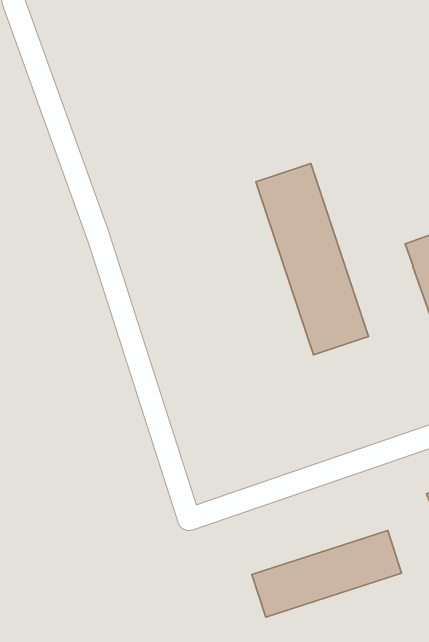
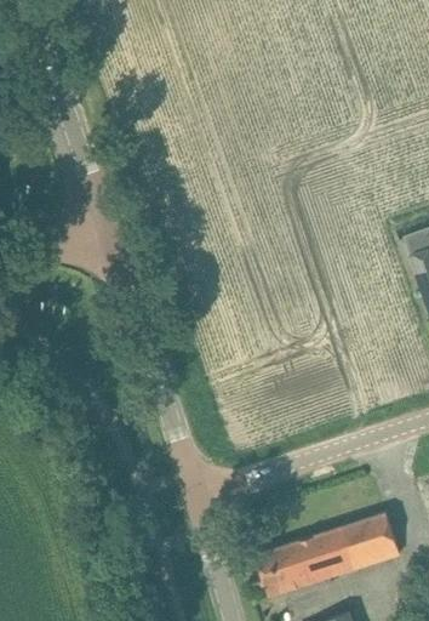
building: [256,163,369,355] -> none

